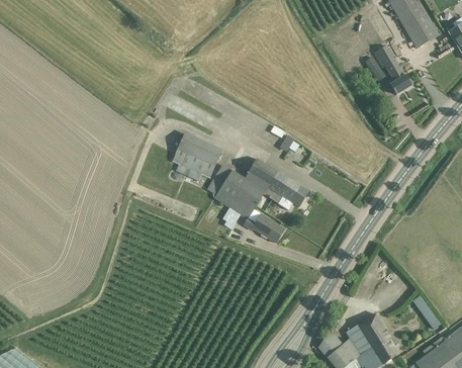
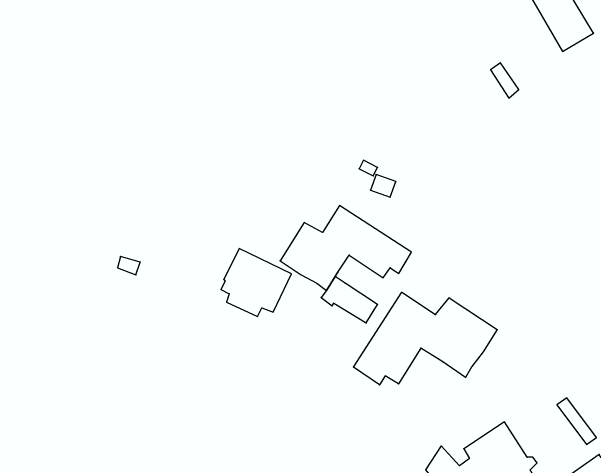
building: [374,44,412,94] -> none
building: [172,131,222,180] -> [221,249,291,316]
building: none -> [353,292,497,385]

